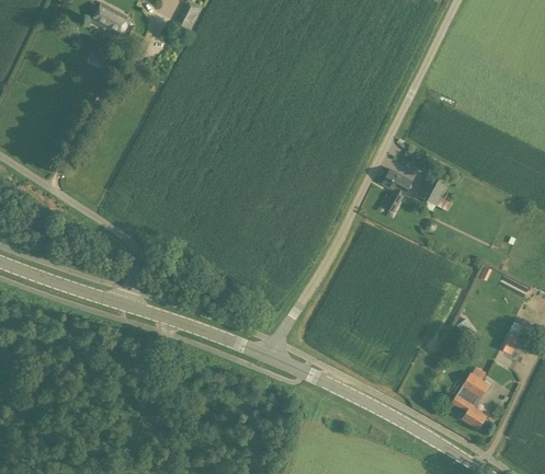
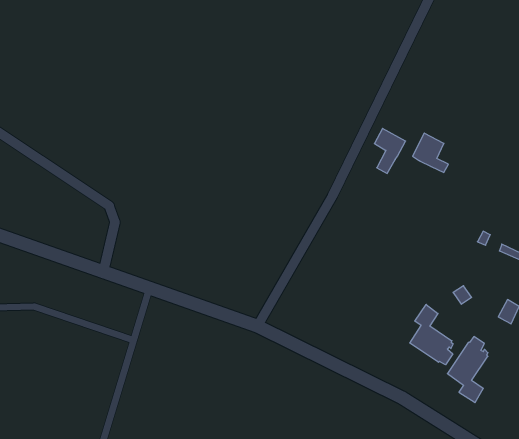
building: none -> [410,304,453,365]

